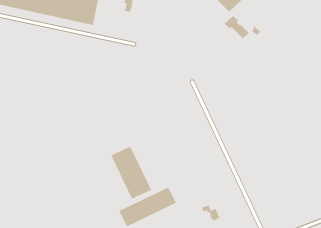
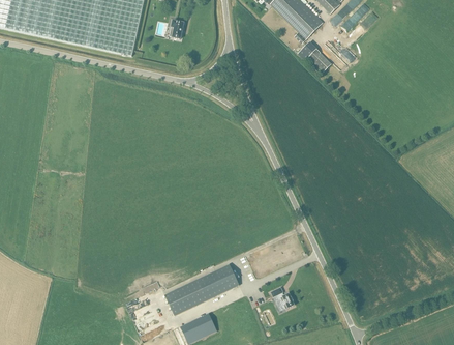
building: [111,146,152,199] -> none

